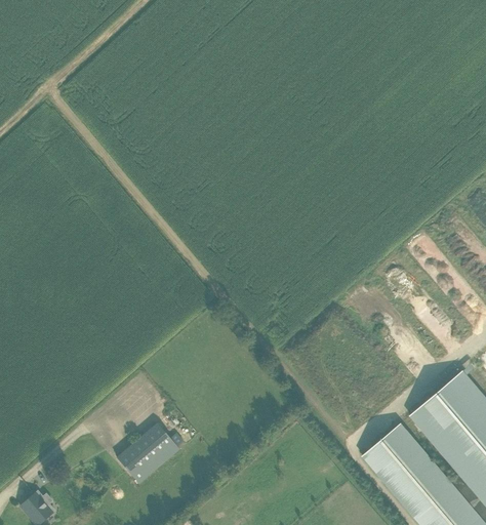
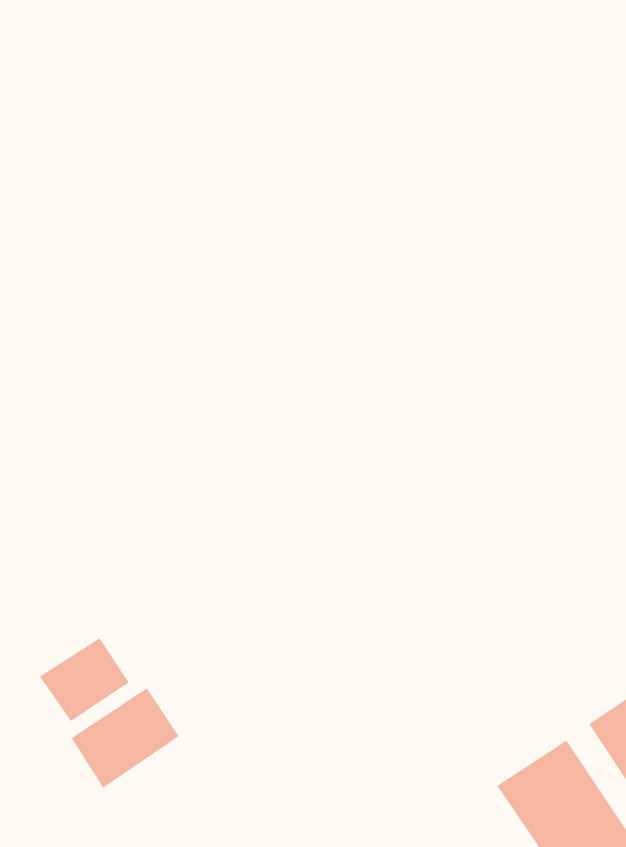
building: none -> [39,638,130,722]

